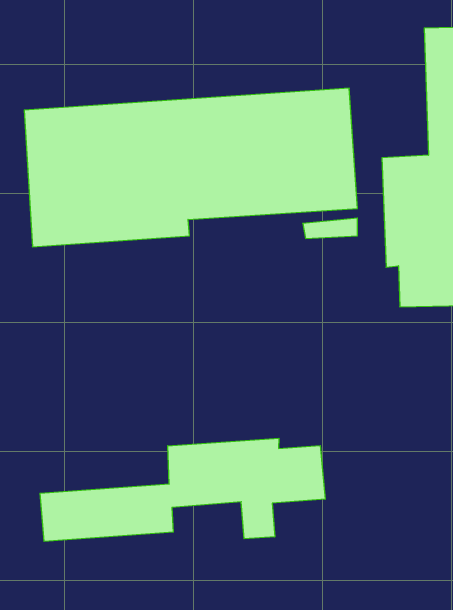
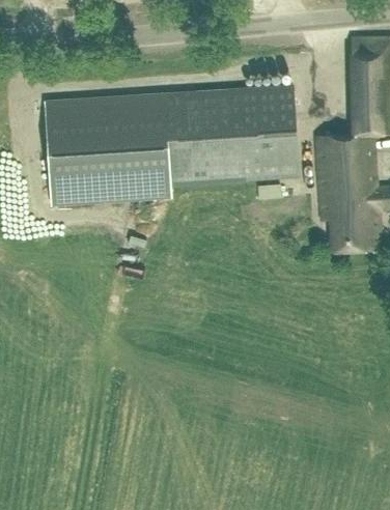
building: [40,438,325,541] -> none

